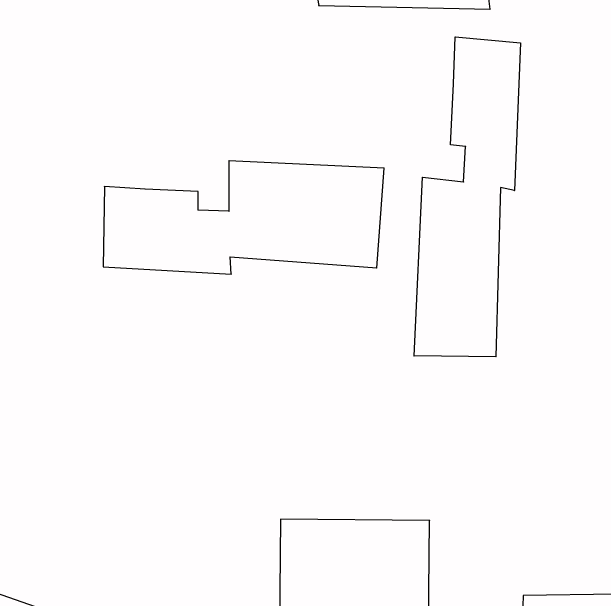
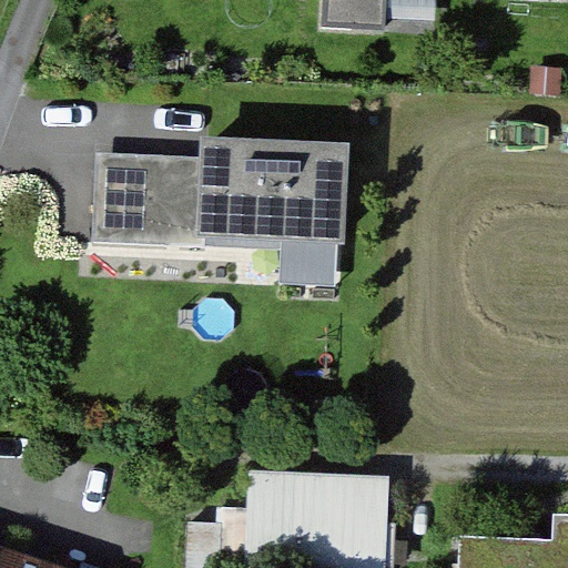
building: [414,37,520,357] -> none

